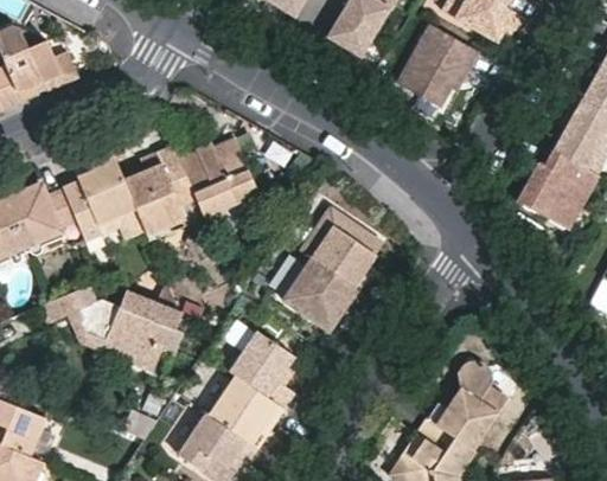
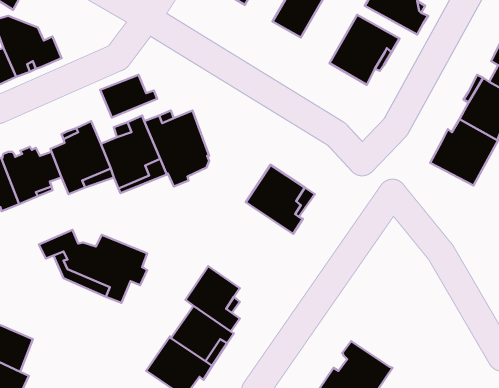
building: none -> [100,75,157,118]
building: [280,257,359,331] -> none
building: [424,358,506,448] -> none

